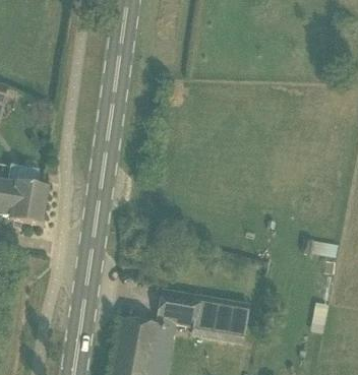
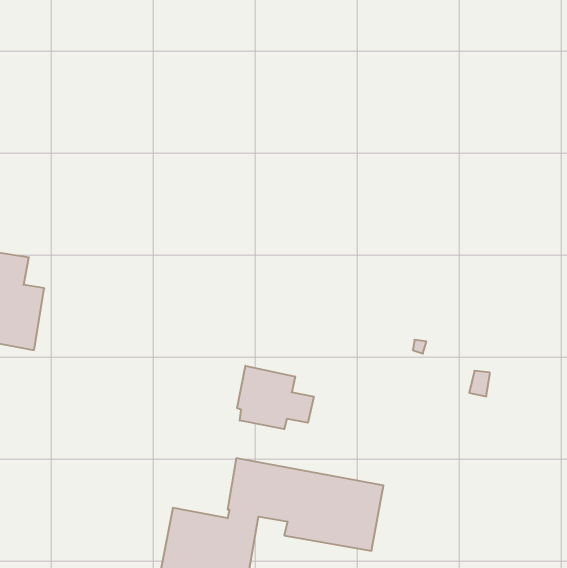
building: none -> [237,366,314,429]

